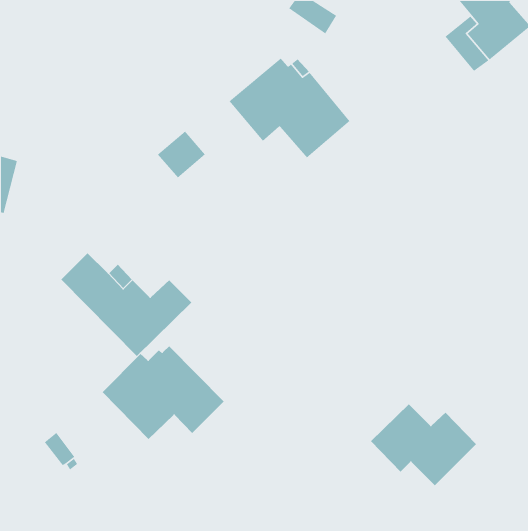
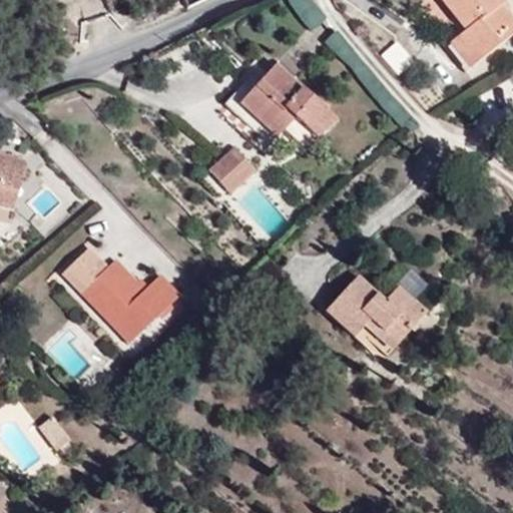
building: [157,131,206,179] -> [203,146,250,192]
building: [102,346,225,440] -> none
building: [370,404,477,486] -> [324,276,426,355]

